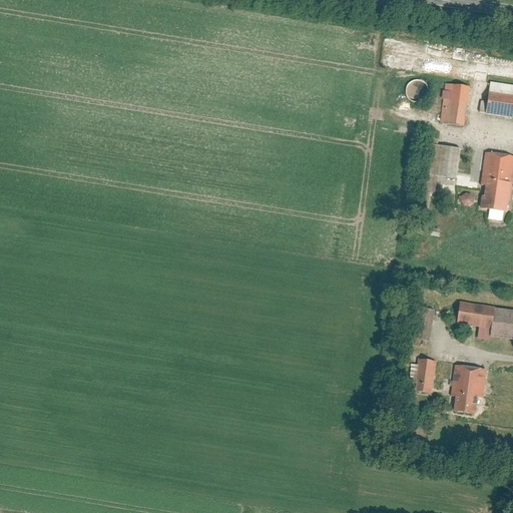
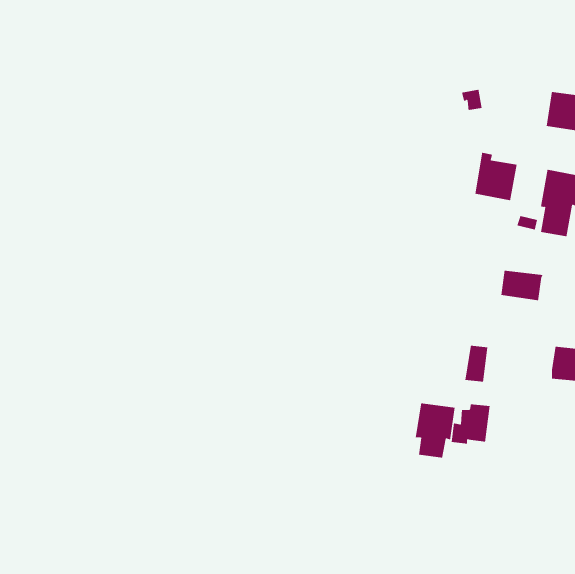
building: [439,81,470,124] -> none
building: [457,302,495,329] -> [501,270,543,301]
building: [451,365,487,414] -> [415,403,455,458]

